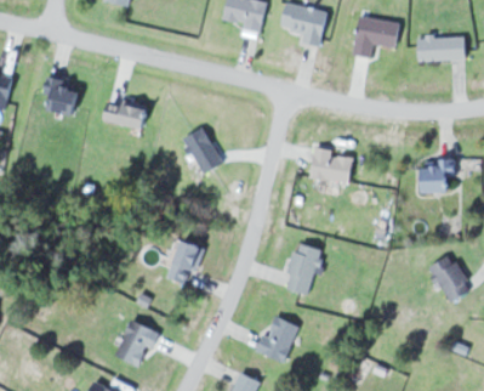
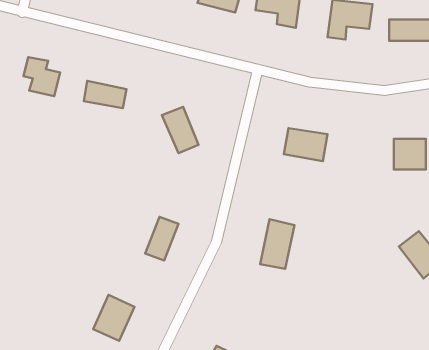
building: [255,314,298,363] -> none

